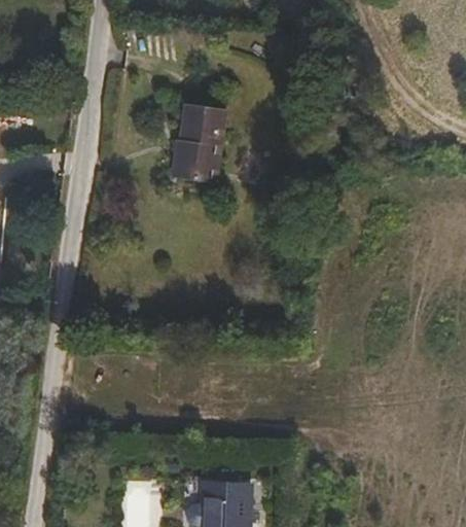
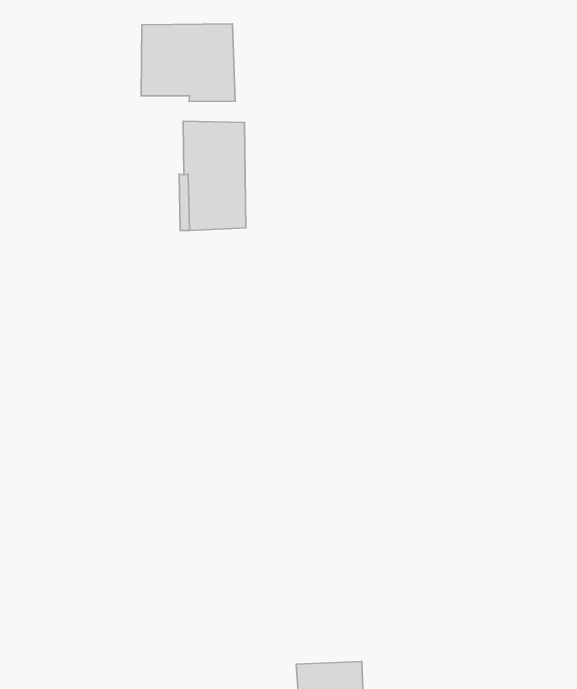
building: none -> [141,24,235,102]

